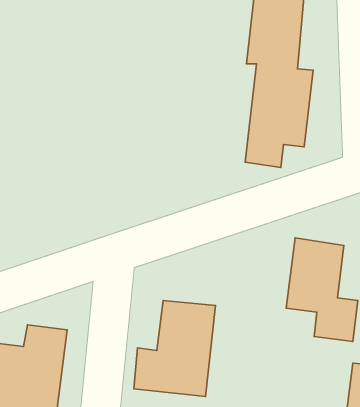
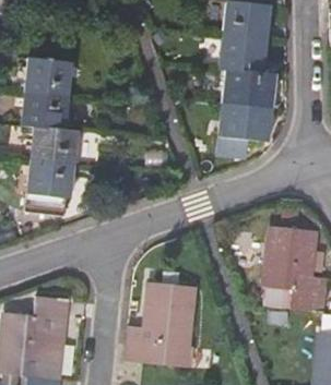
building: none -> [24,61,78,215]

